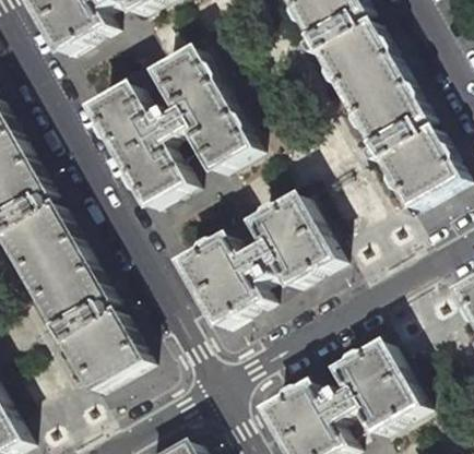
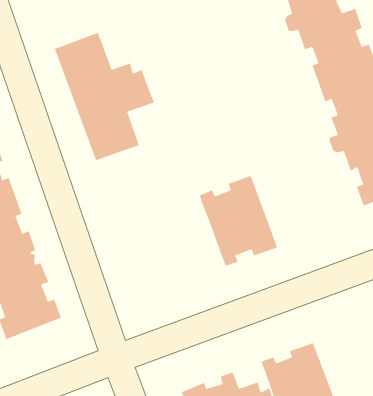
building: [155,48,251,170] -> none
building: [180,230,274,324] -> none

